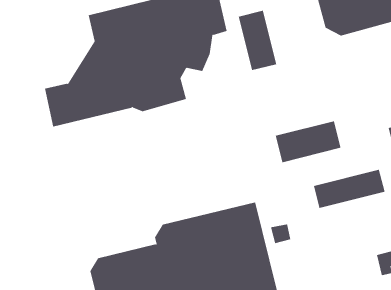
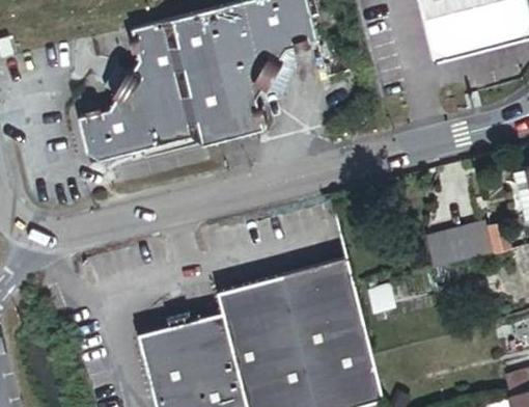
building: [238,10,277,71] -> none
building: [275,120,341,163] -> none

